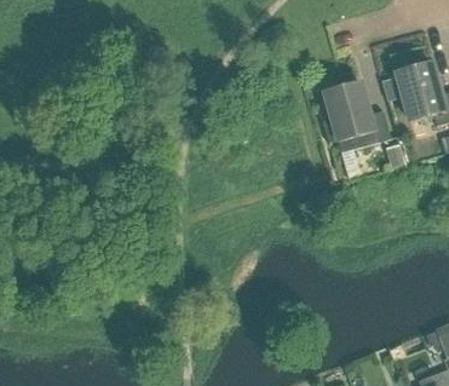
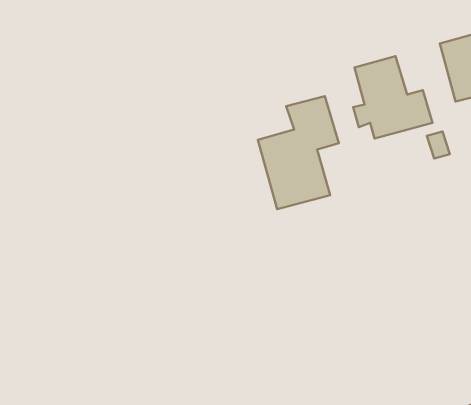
building: none -> [258,96,339,209]

